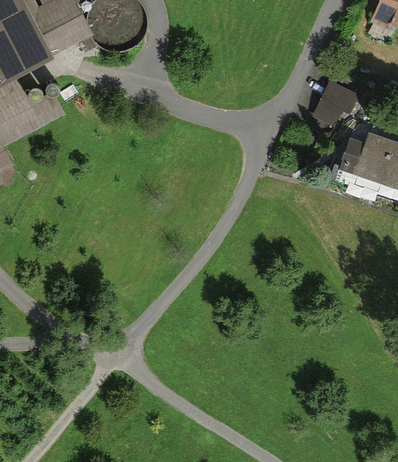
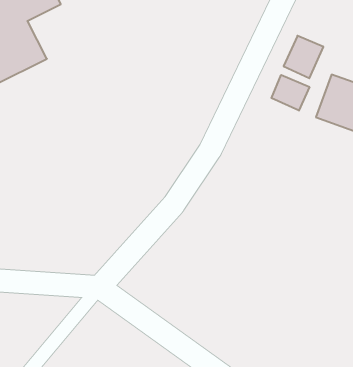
building: none -> [271,75,309,111]

